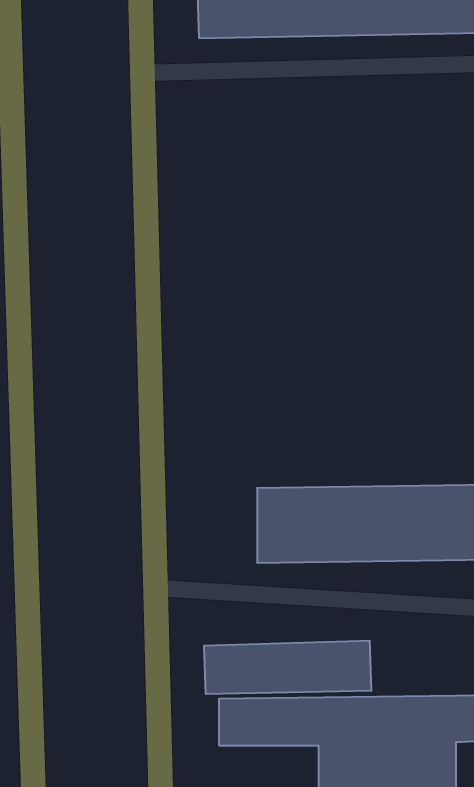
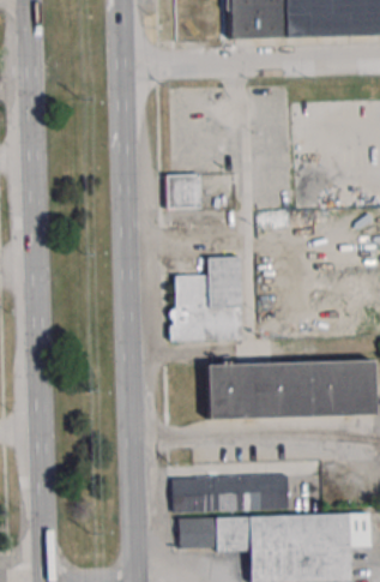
building: none -> [167,174,203,208]
building: none -> [174,256,245,341]

